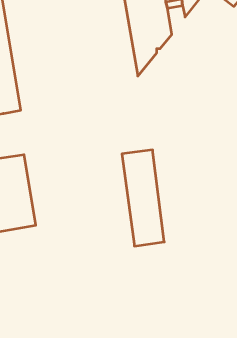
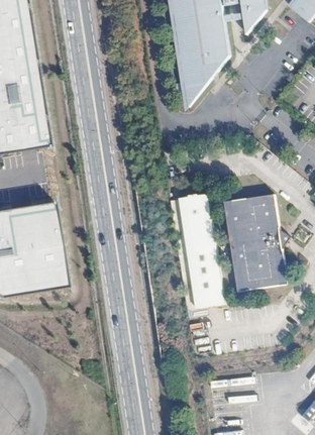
building: none -> [224,191,293,289]

